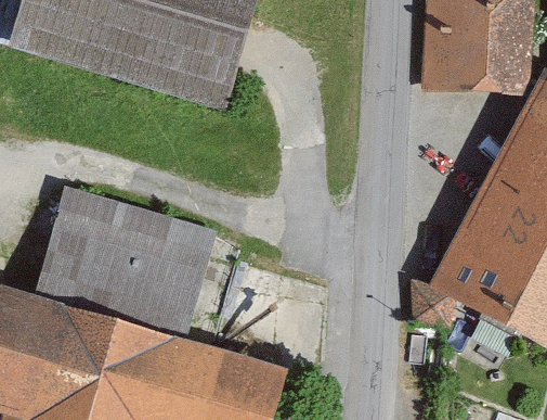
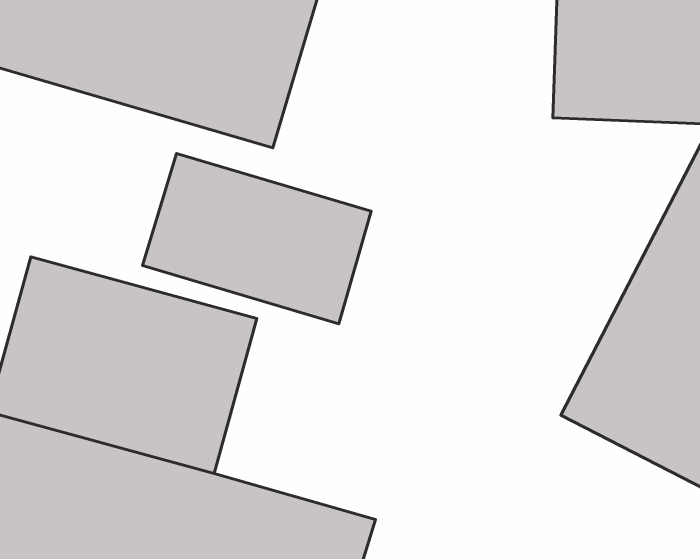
building: none -> [142,154,371,324]

